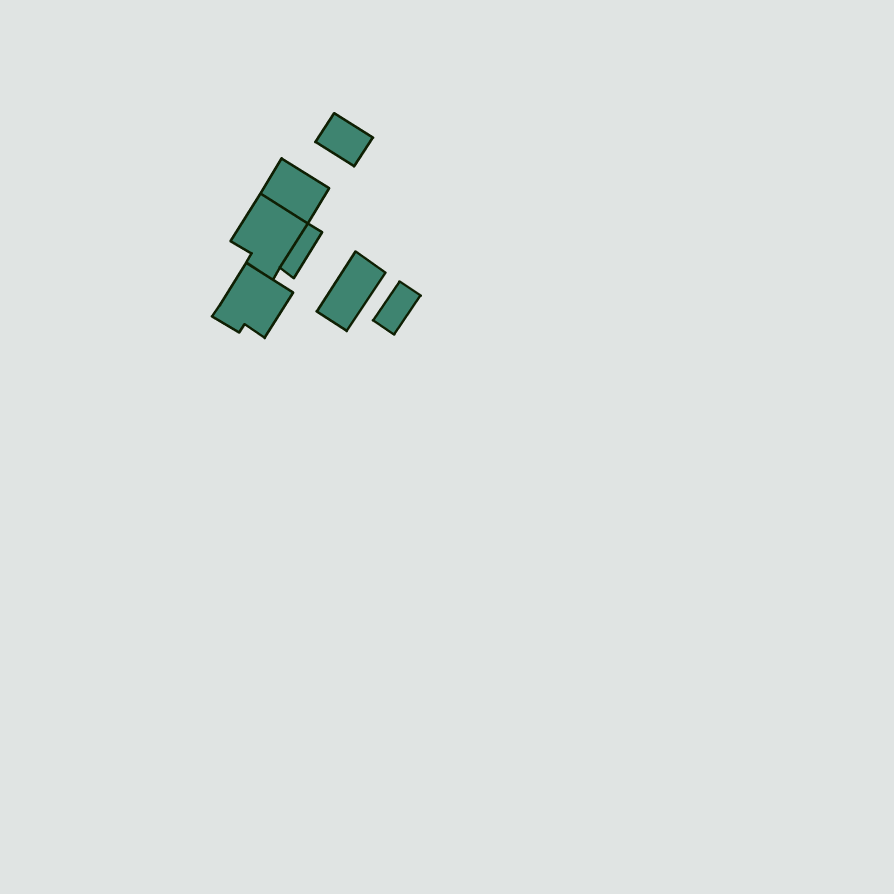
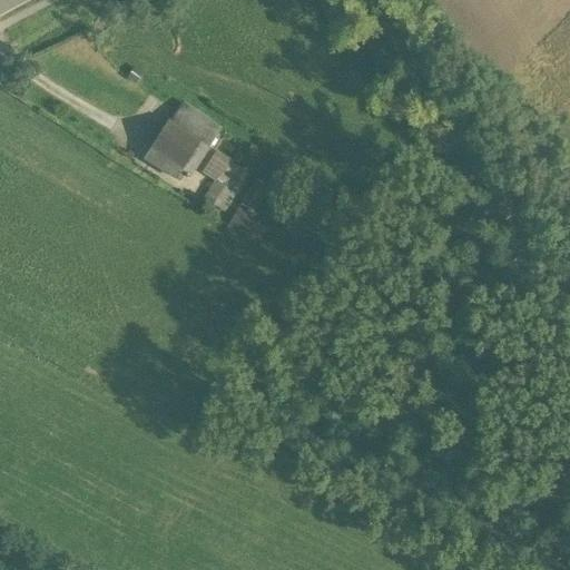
building: [315,113,373,166] -> none
building: [212,263,293,338] -> none

